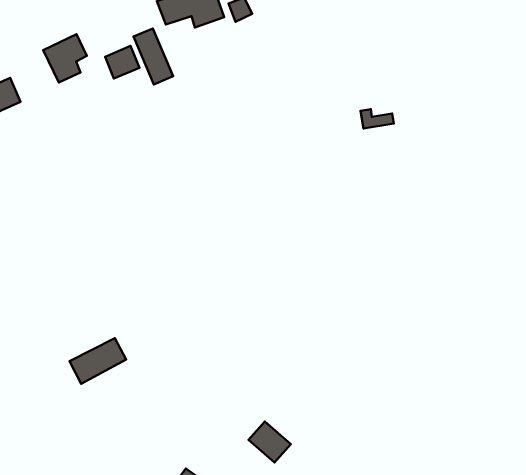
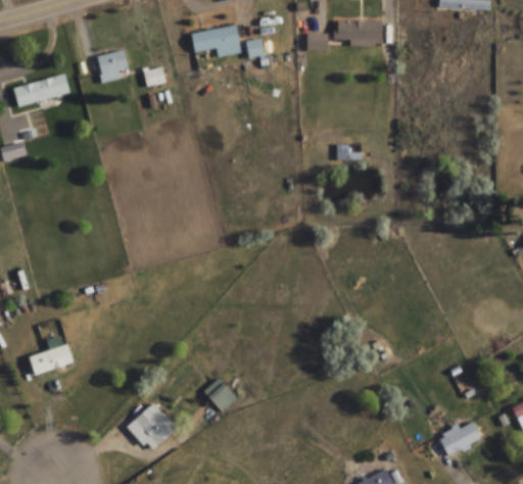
building: [134,28,173,84] -> none
building: [69,338,126,384] -> [28,343,73,375]

